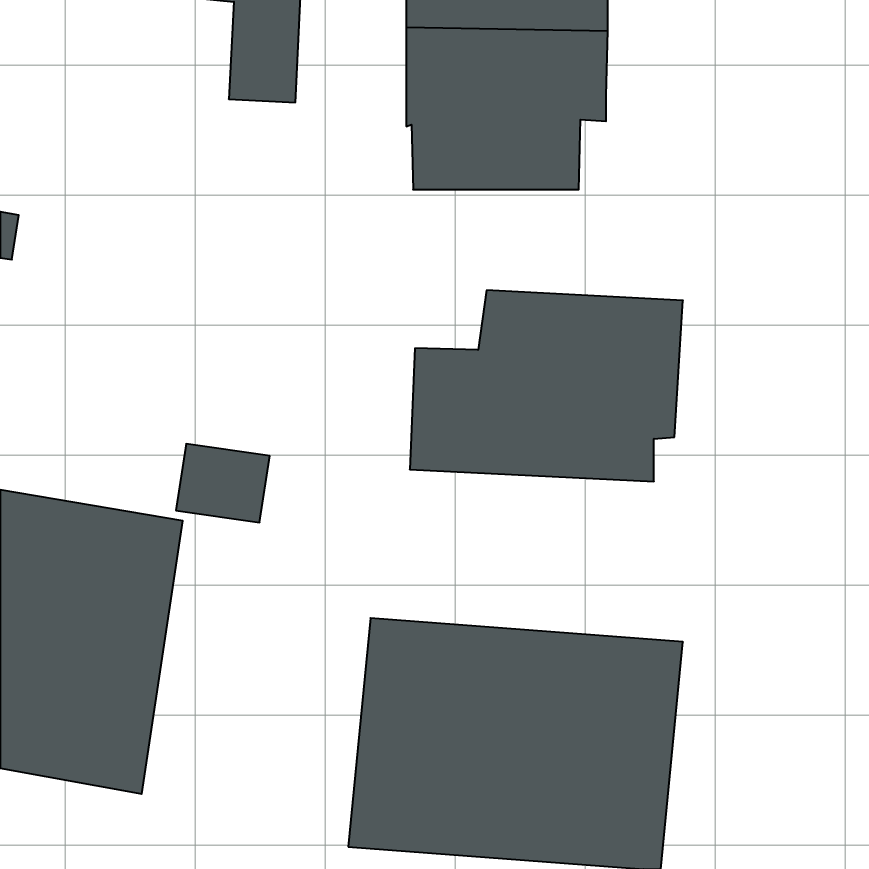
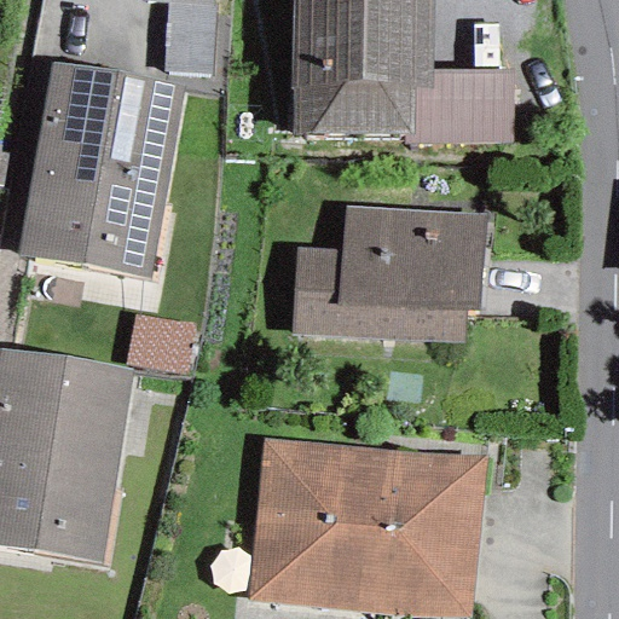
building: none -> [17,60,185,277]
building: none -> [406,68,515,144]

